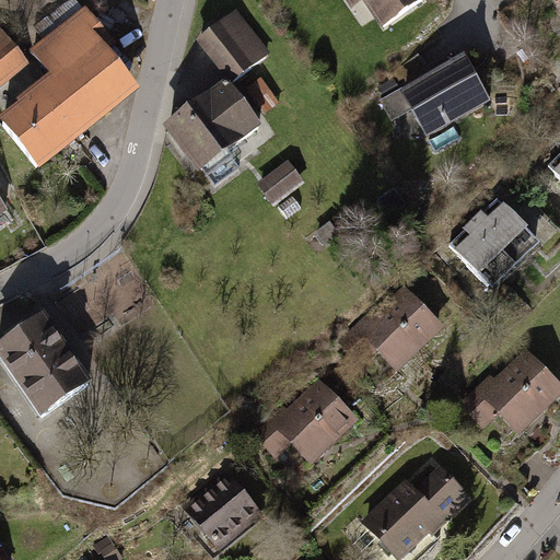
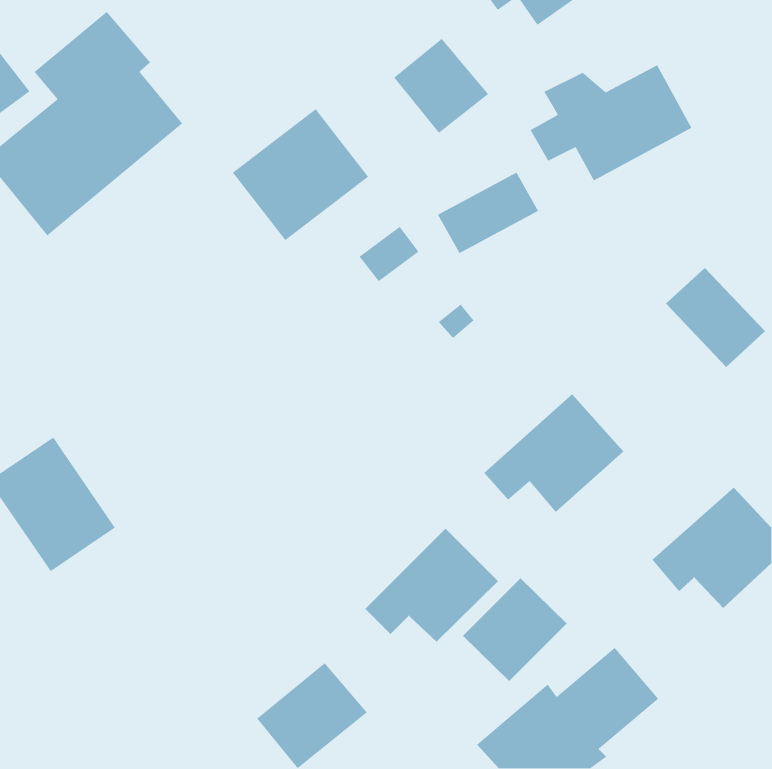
building: [201,8,270,77] -> [393,38,489,134]
building: none -> [437,171,539,254]
building: [450,218,521,290] -> none
building: none -> [462,577,568,682]

